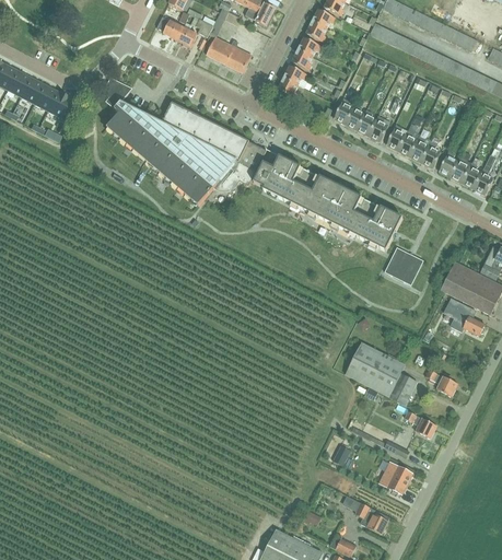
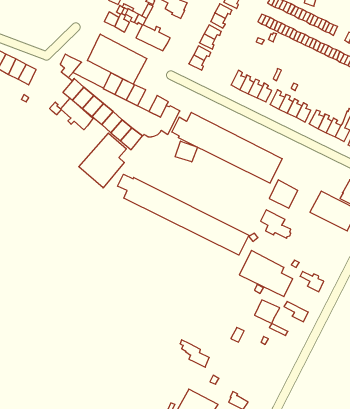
building: none -> [87,34,147,84]
building: [208,125,234,154] -> none
building: none -> [50,98,93,130]
building: none -> [79,133,126,188]
building: none -> [175,141,197,162]
building: none -> [118,174,249,255]
building: [444,298,485,336] -> [261,210,291,238]
building: [380,462,413,493] -> [255,300,280,323]
building: [349,497,388,534] -> [180,340,209,367]

